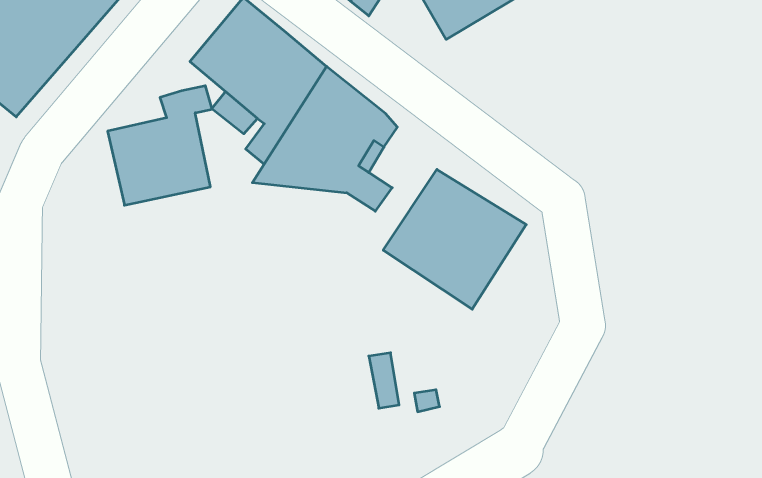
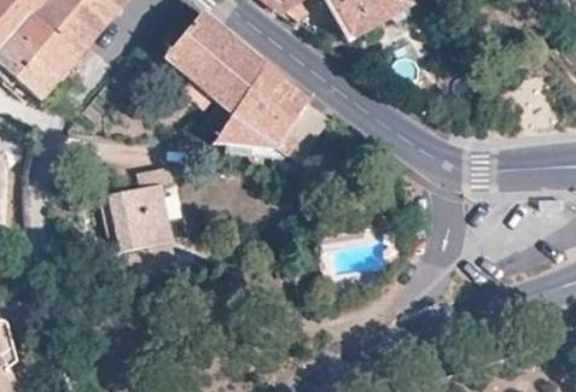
building: [108,86,212,205] -> [98,164,173,250]
building: [383,169,526,309] -> none

